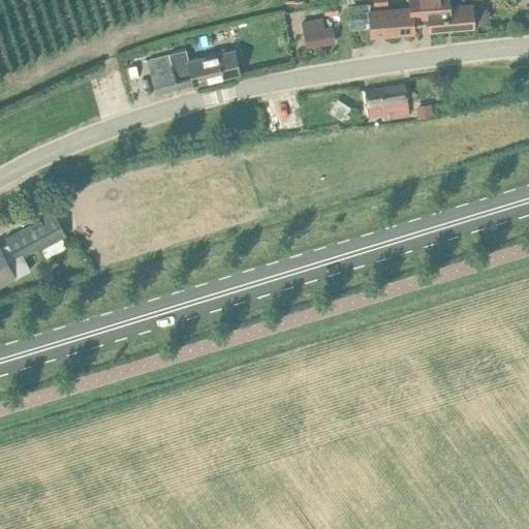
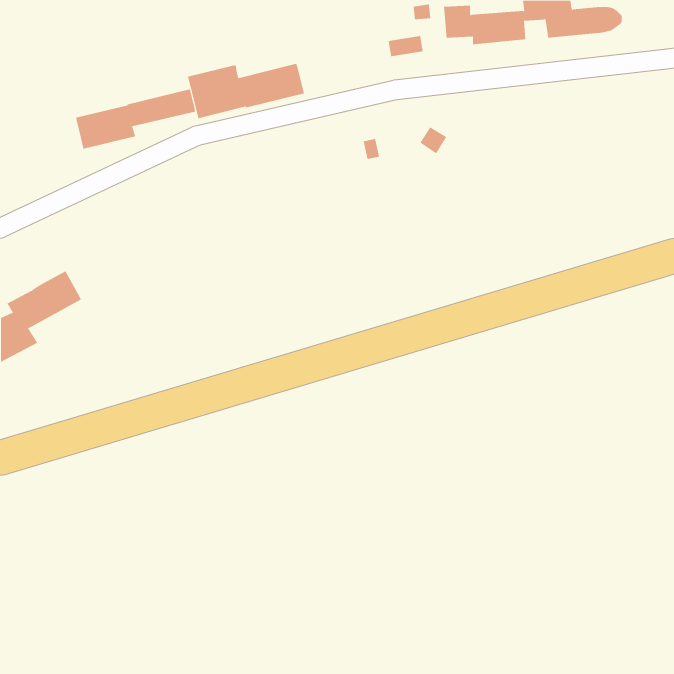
building: none -> [76,89,195,150]
building: [364,84,409,120] -> none

